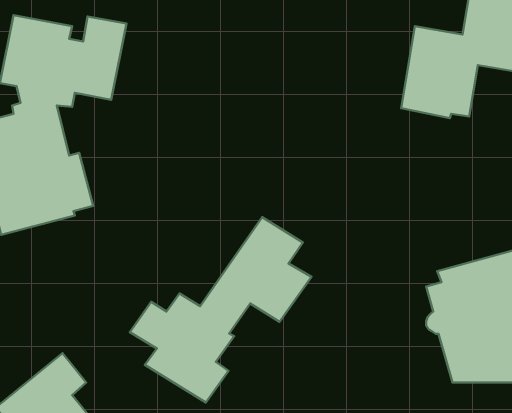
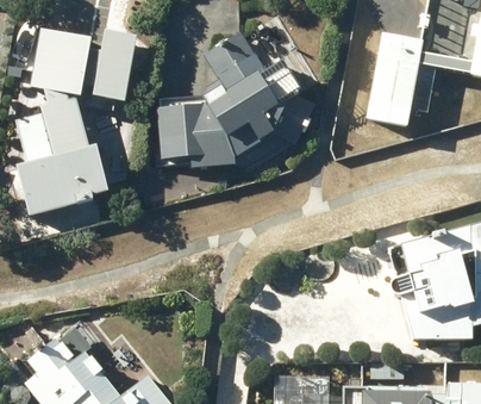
building: none -> [158,31,316,168]
building: [130,217,311,403] -> none

